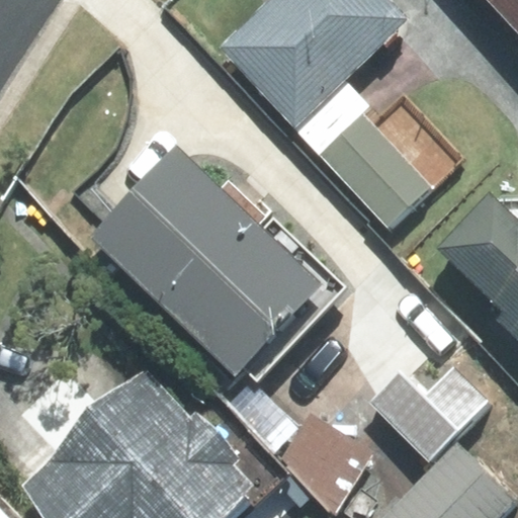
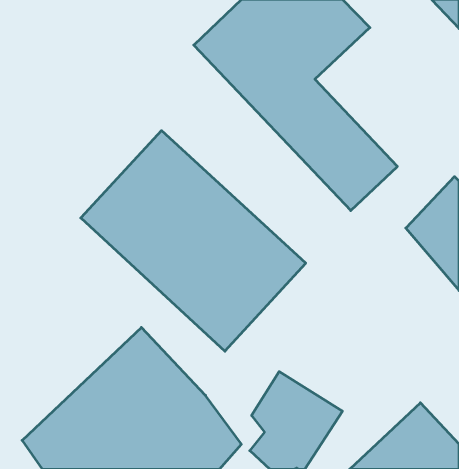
building: [362,339,492,467] -> none

